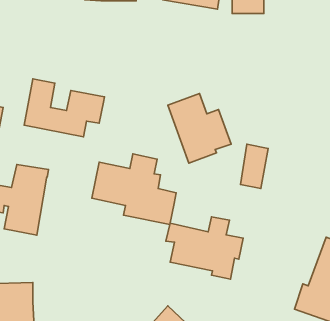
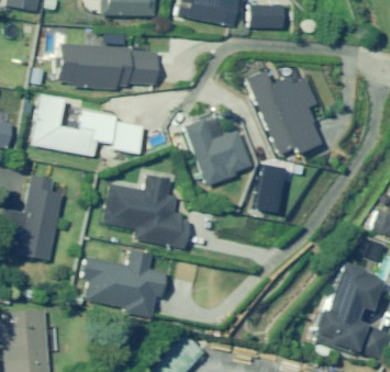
building: none -> [62,44,157,88]
building: none -> [248,70,322,151]
building: none -> [111,121,146,155]
building: [166,217,243,279] -> [85,251,165,316]

